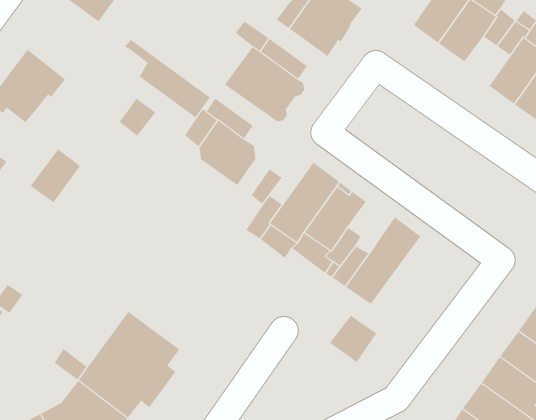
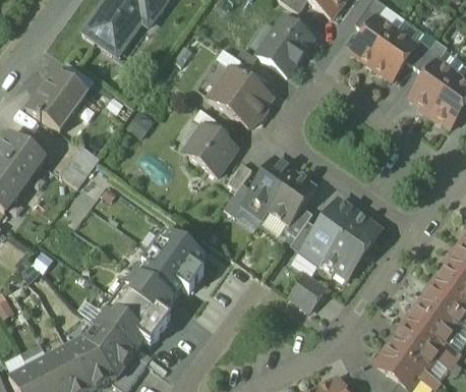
building: [124,39,210,118] -> none
building: none -> [319,213,382,276]
building: none -> [139,230,206,299]

